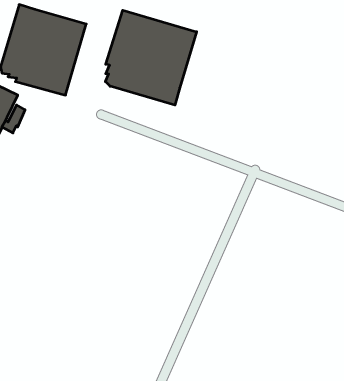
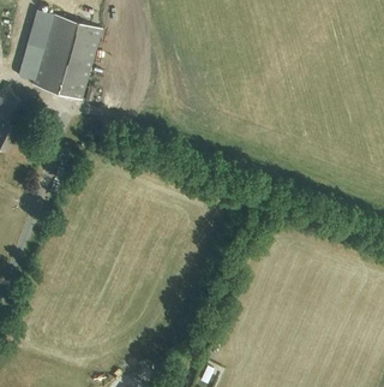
building: [105,10,197,105] -> none

